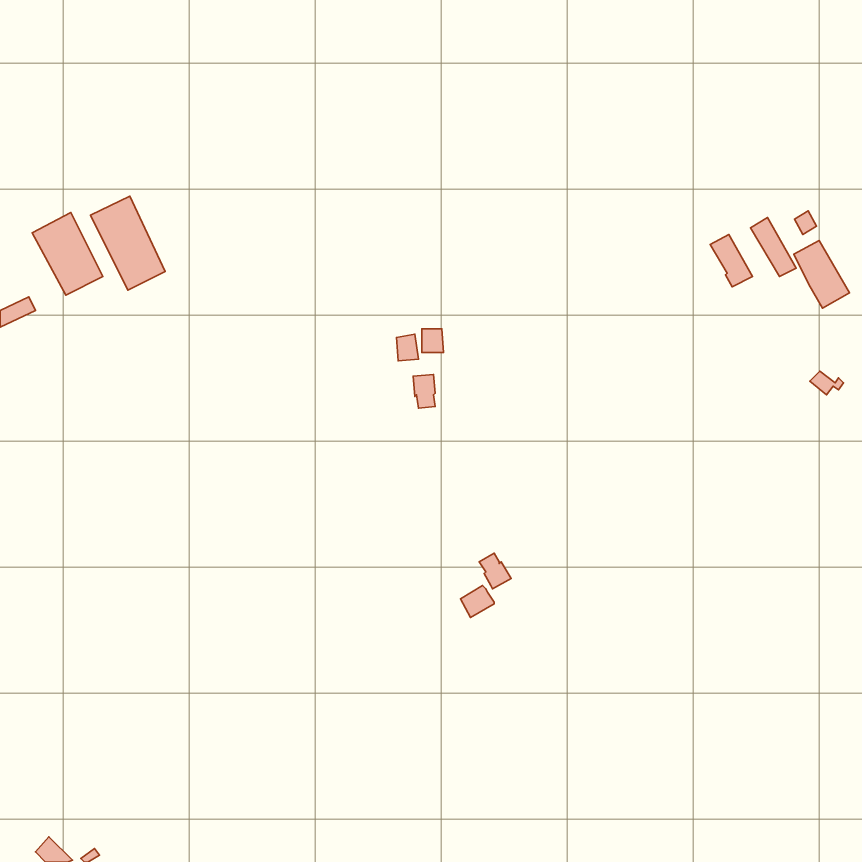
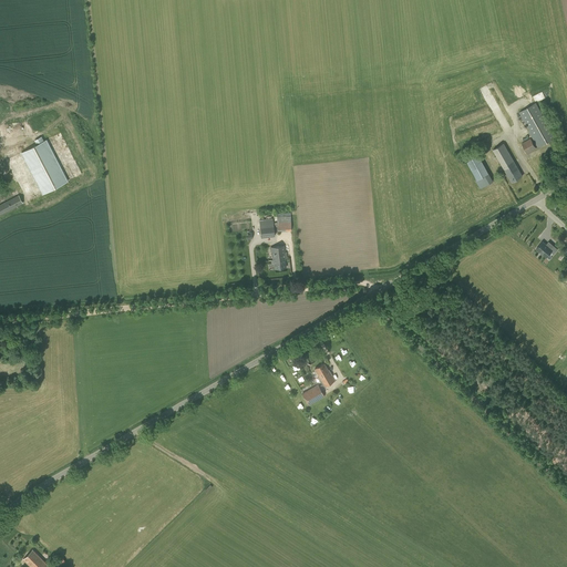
building: [90,196,165,290] -> none
building: [794,241,849,308] -> [519,103,556,147]

